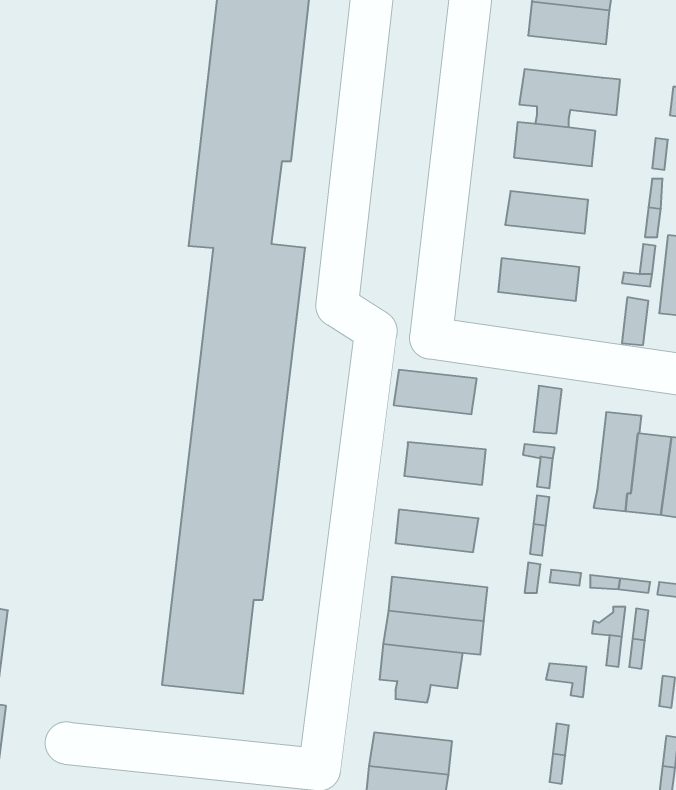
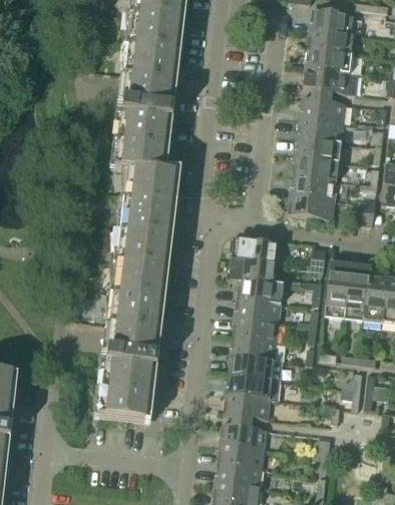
building: none -> [305,50,351,74]
building: none -> [297,119,343,143]
building: none -> [292,157,339,181]
building: none -> [288,195,334,221]
building: none -> [229,260,283,285]
building: none -> [324,261,351,318]
building: none -> [234,300,281,324]
building: none -> [230,338,276,362]
building: none -> [220,425,266,450]

